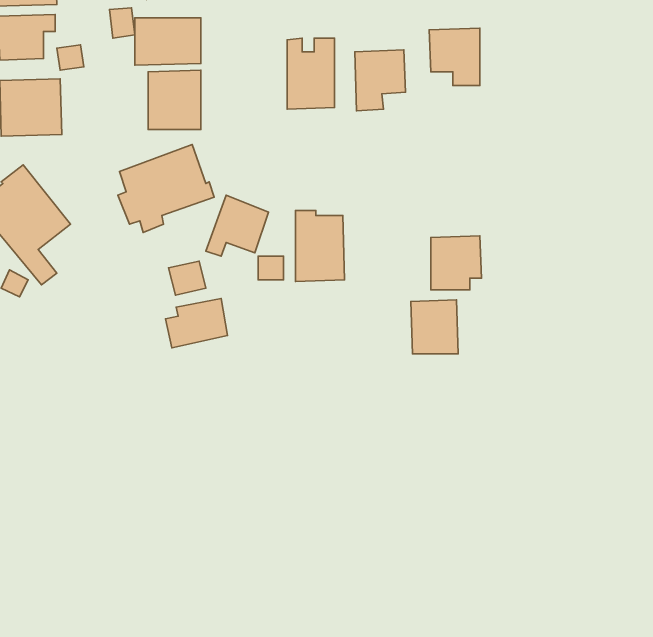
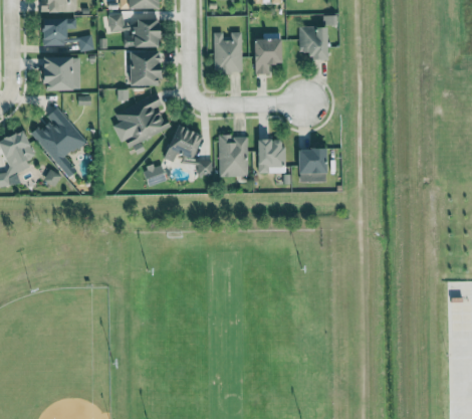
building: [166,299,227,348] -> none
building: [411,300,458,354] -> [257,140,285,172]

